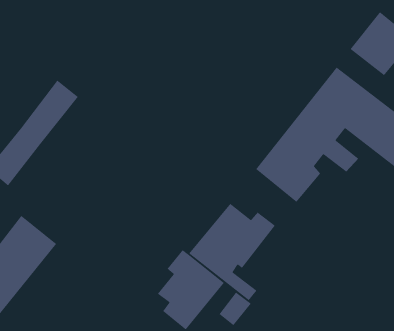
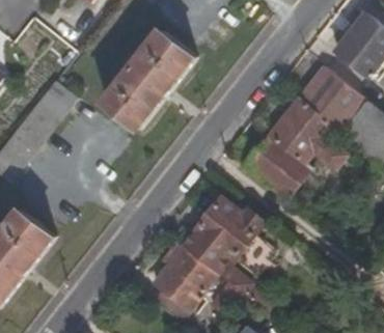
building: none -> [106,29,197,128]

